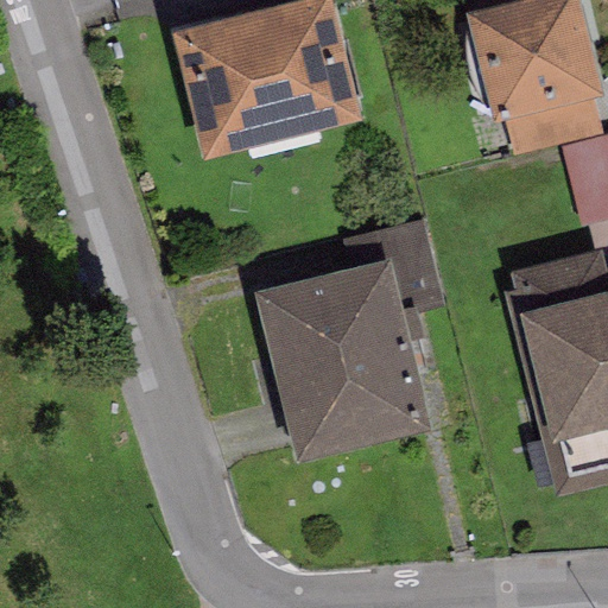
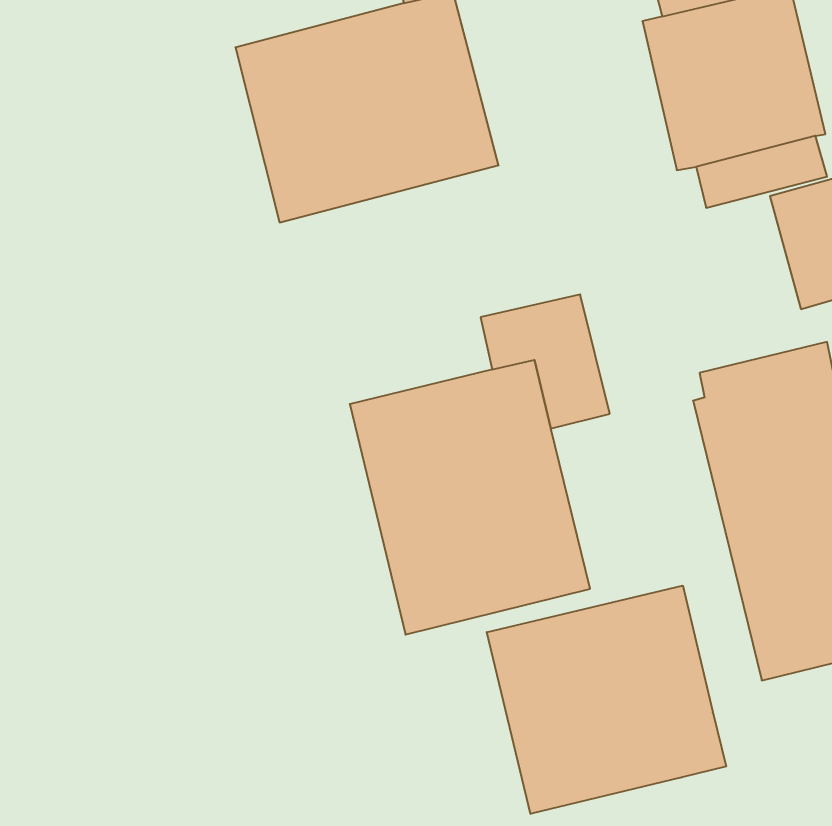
building: none -> [487,586,726,814]

